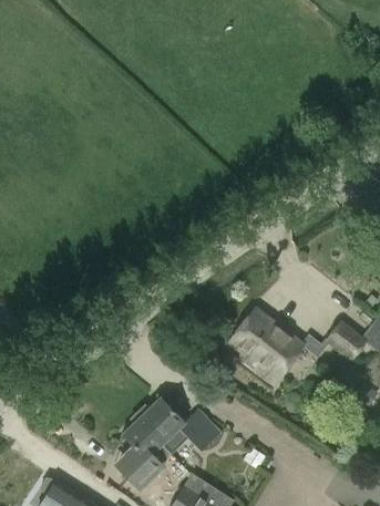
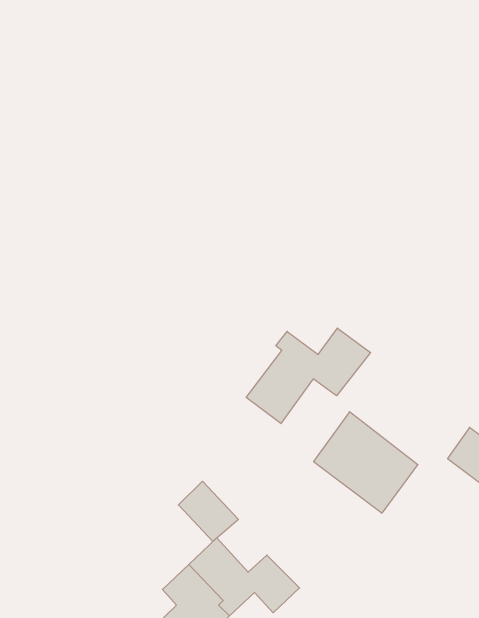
building: none -> [246,328,371,424]
building: none -> [178,481,238,542]

